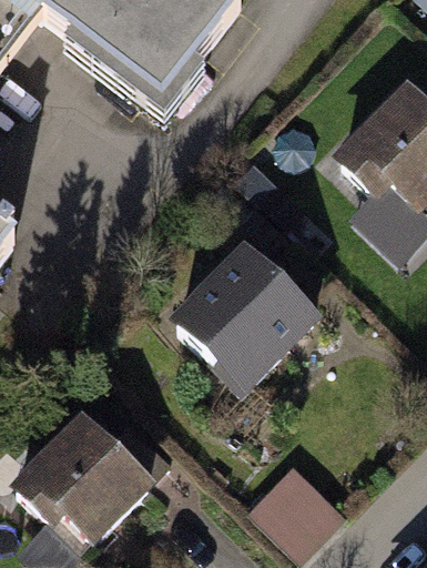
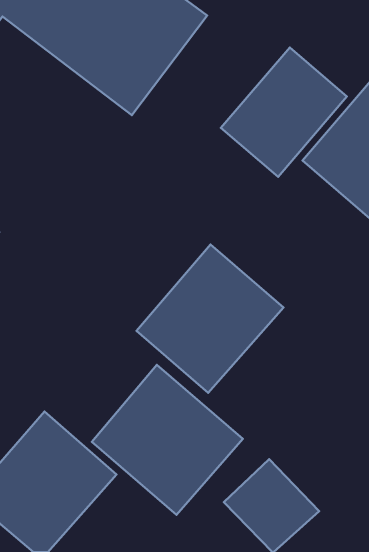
building: none -> [221,48,347,177]
building: none -> [92,365,243,515]

